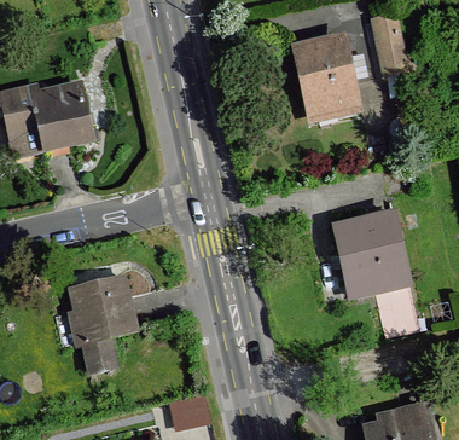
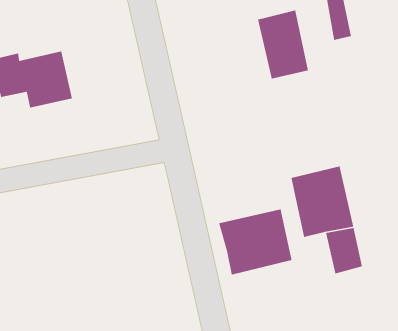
building: none -> [218,208,292,275]
building: [65,276,134,371] -> none

